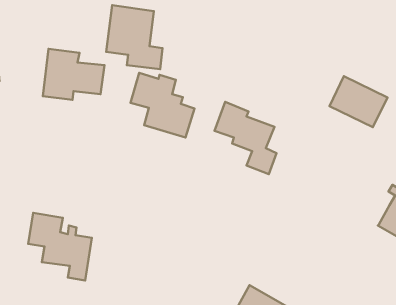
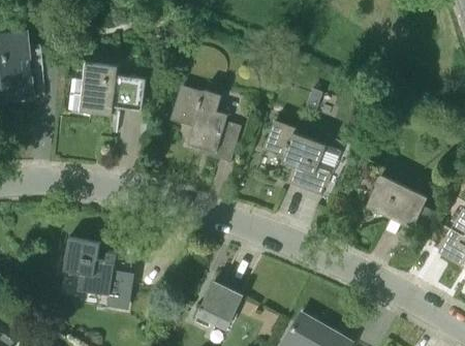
building: [106,5,162,69] -> none
building: [329,76,387,127] -> [366,175,428,229]
building: none -> [194,282,242,328]

